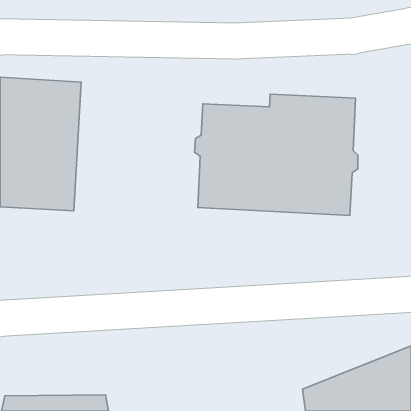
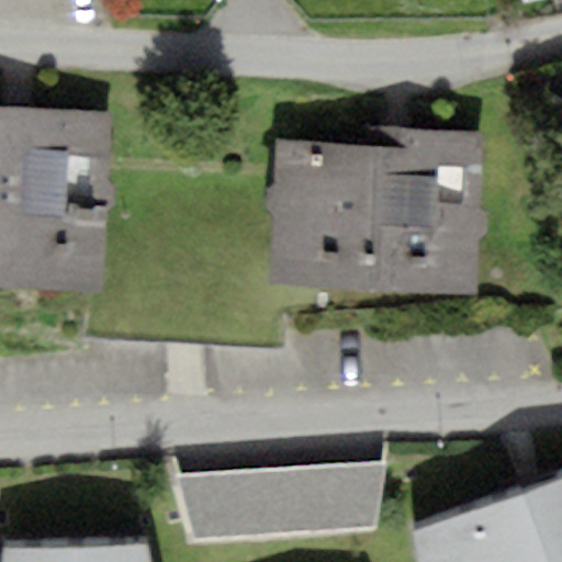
building: none -> [176,463,385,540]

